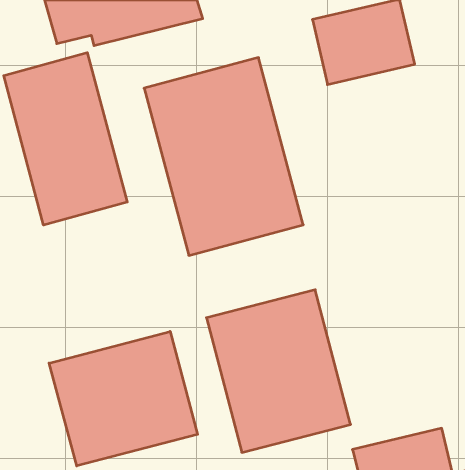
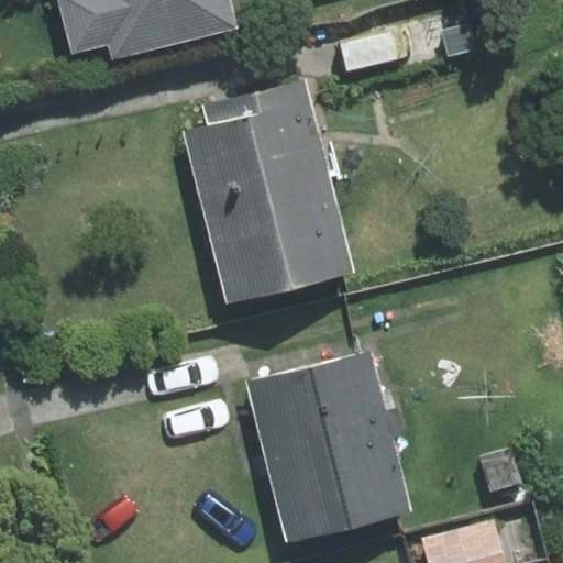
building: [4,53,127,225] -> none
building: [49,331,198,466] -> none

